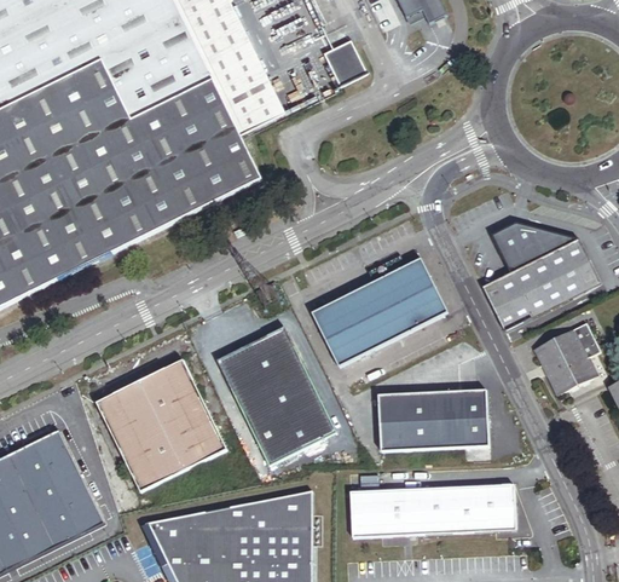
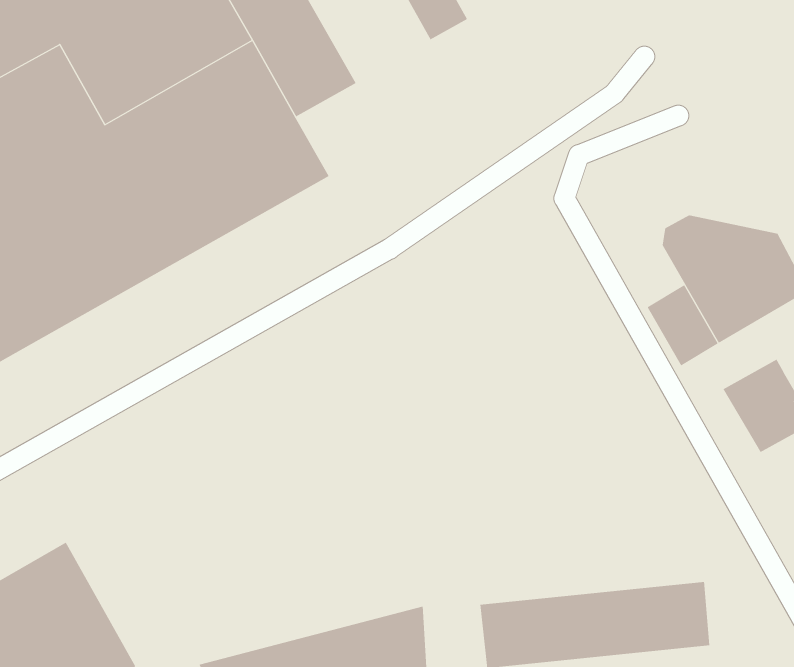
building: [312,257,447,365] -> none
building: [216,325,335,463] -> none
building: [96,359,226,490] -> none
building: [378,390,488,450] -> none

